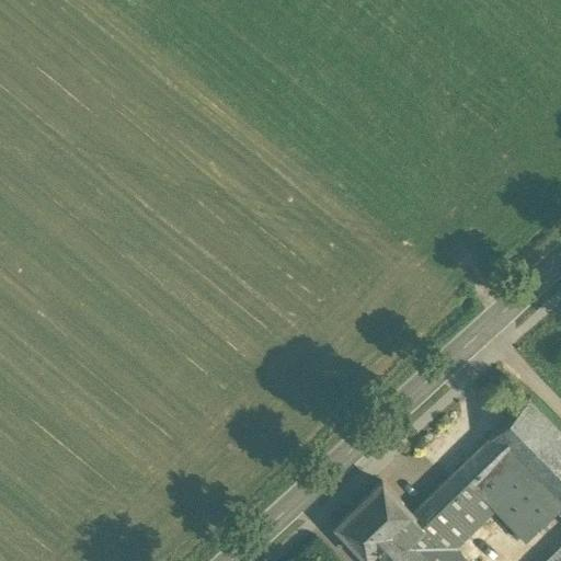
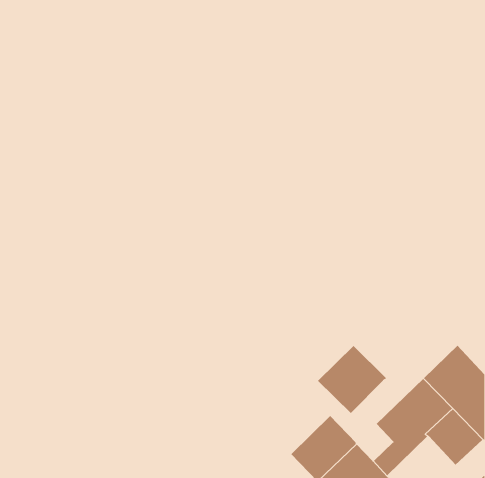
building: none -> [317,345,387,414]
building: [411,497,454,540] -> none

